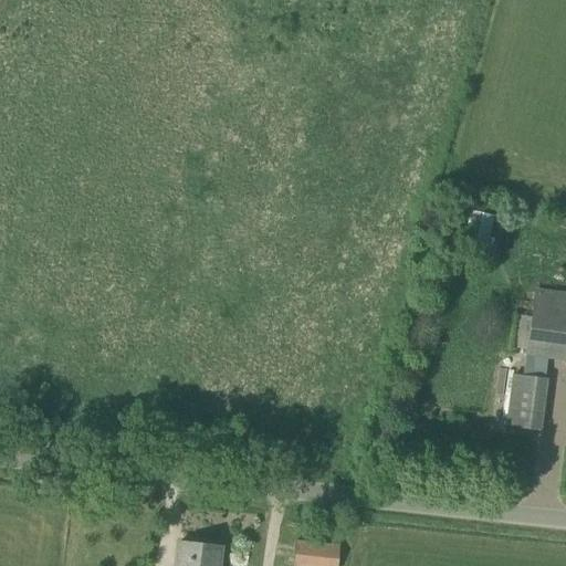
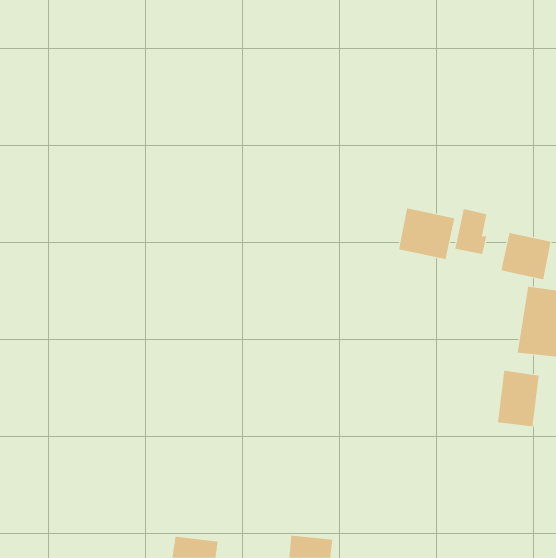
building: none -> [398,207,455,260]
building: none -> [501,232,551,280]

